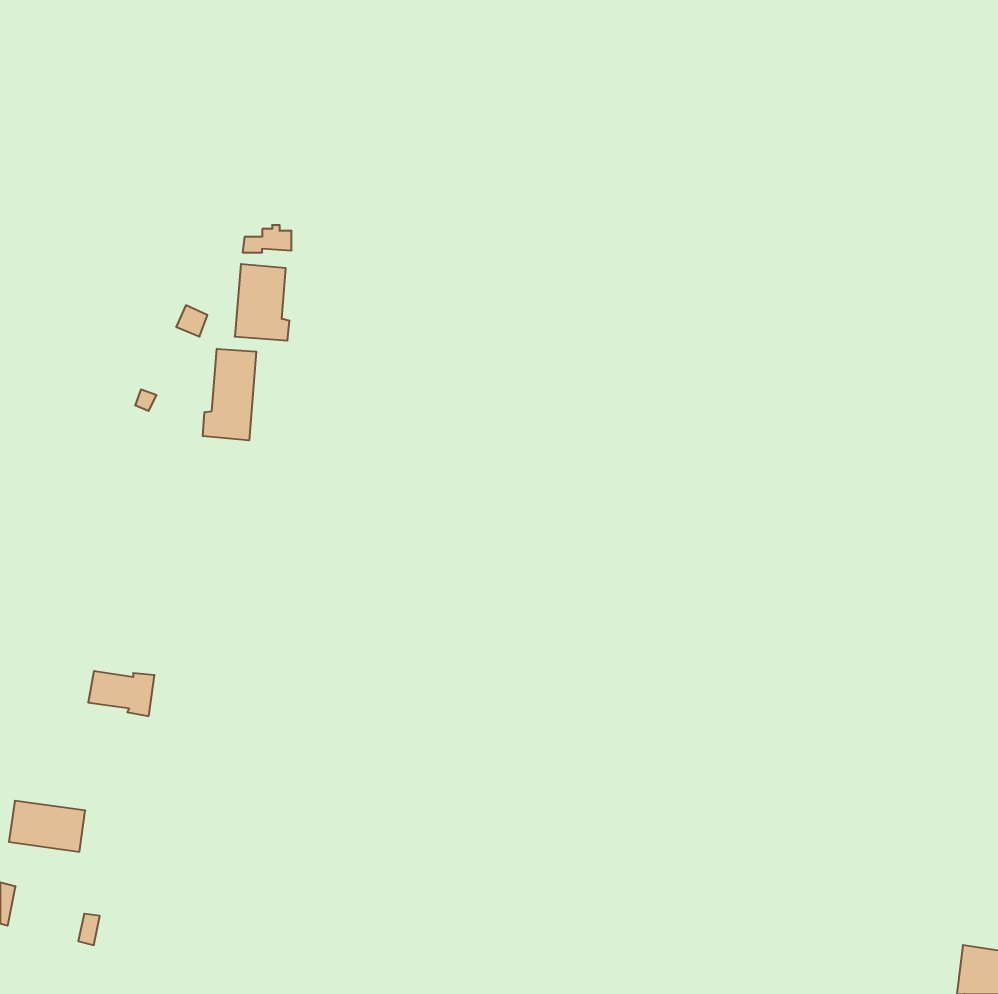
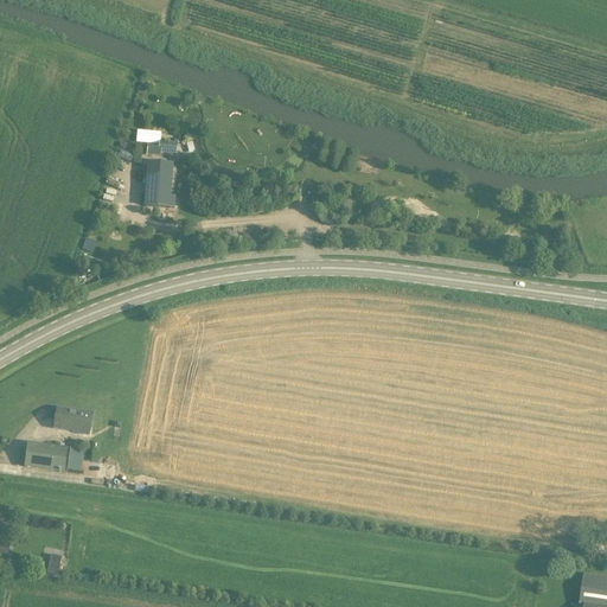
building: [203,349,256,440] -> none
building: [9,801,85,852] -> [25,440,71,471]

